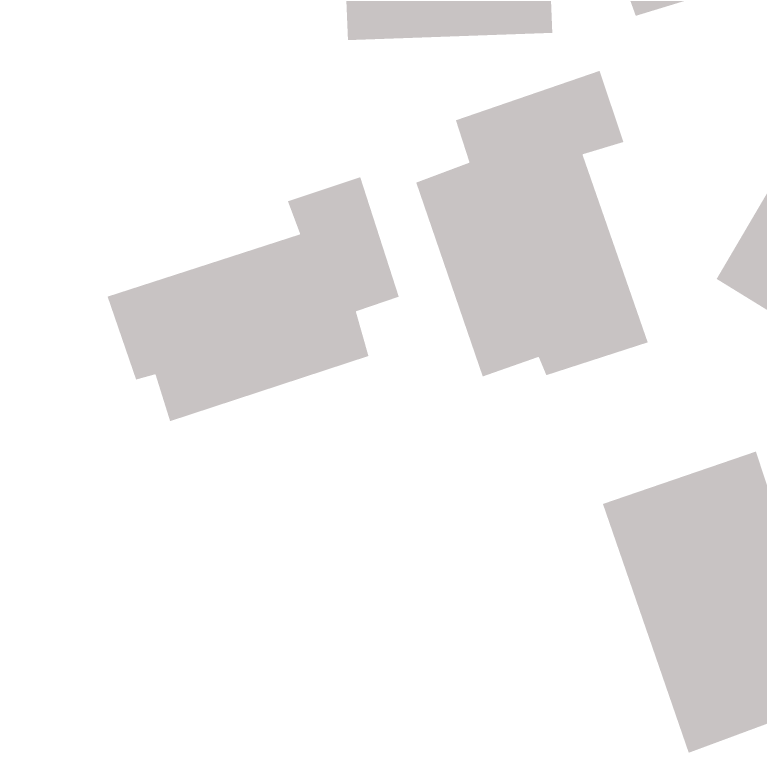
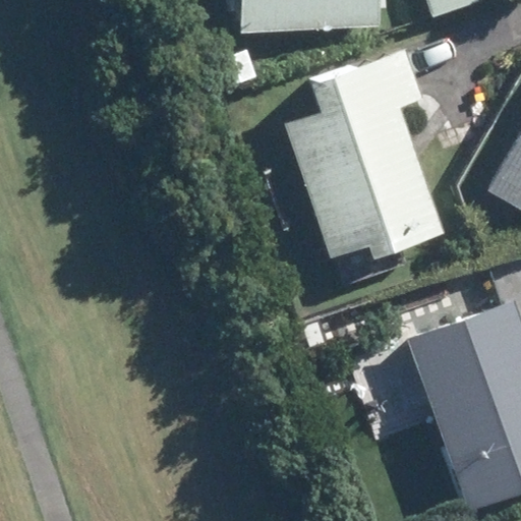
building: [106,176,400,422] -> none

